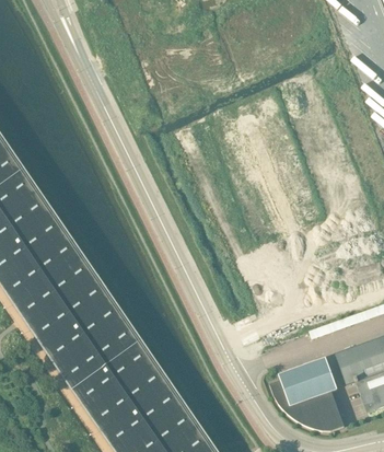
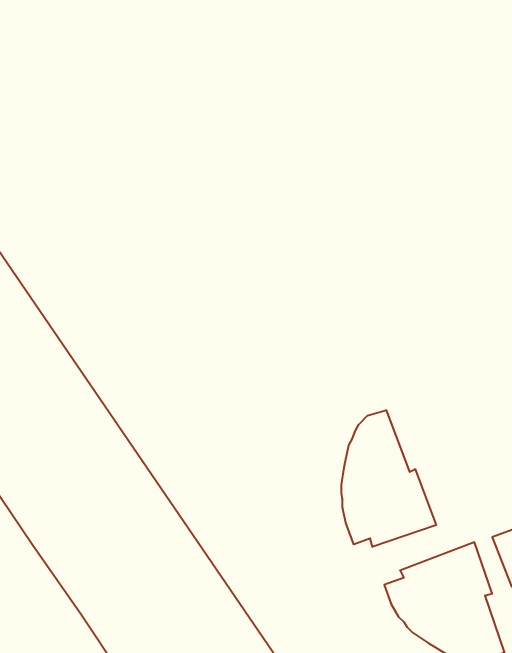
building: none -> [341,410,436,547]

